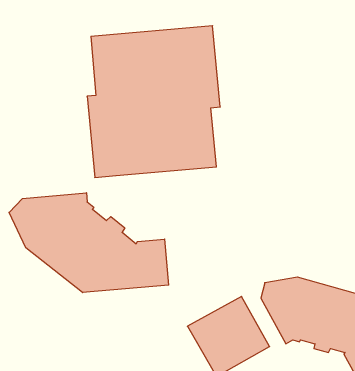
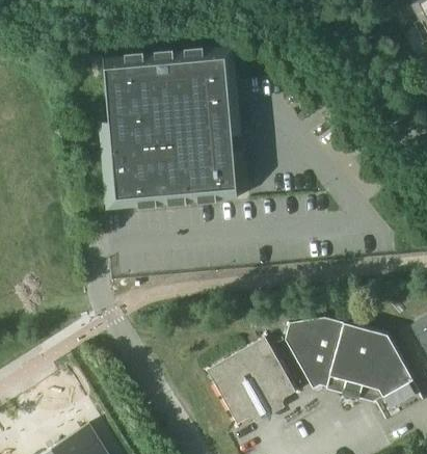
building: [9,193,169,293] -> none

